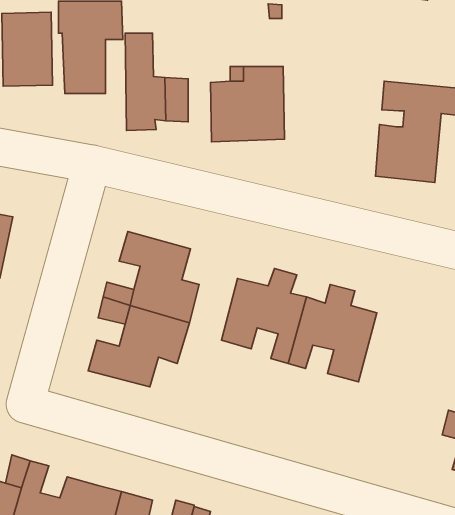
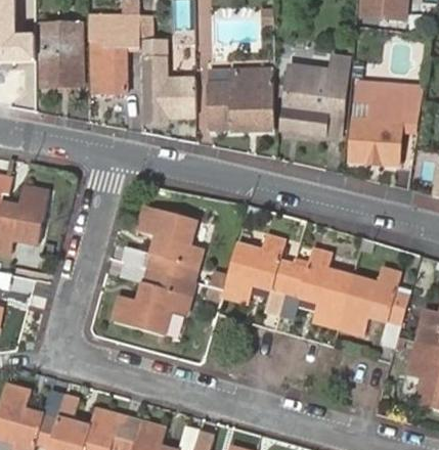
building: none -> [281,58,349,135]
building: none -> [337,268,408,348]

